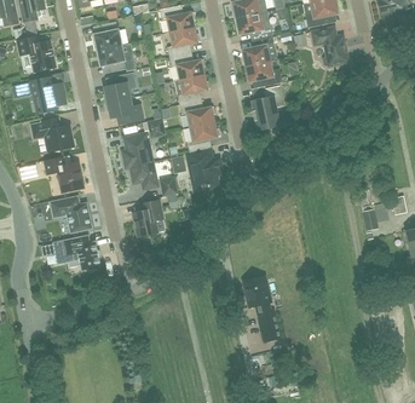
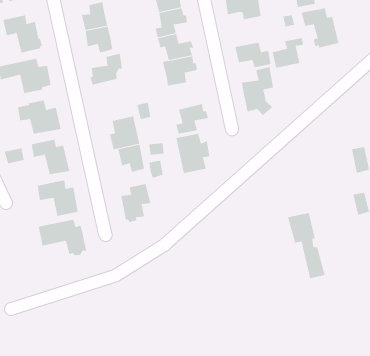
building: [242,35,273,65] -> [272,37,304,68]
building: [105,97,144,125] -> none
building: [179,100,215,127] -> none
building: [243,276,281,341] -> [287,212,325,279]

